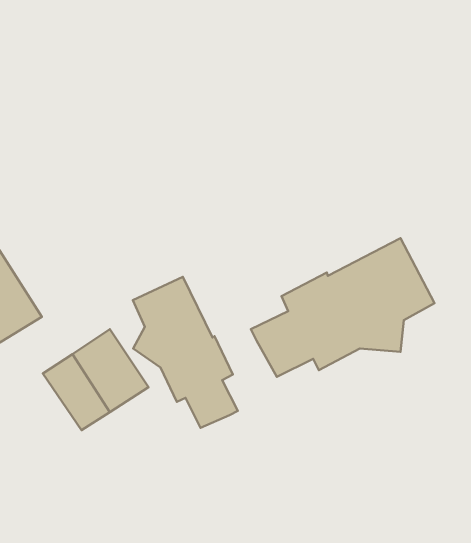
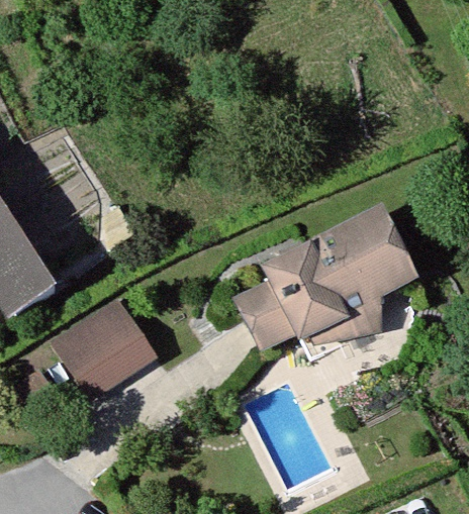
building: [133,277,238,428] -> none

